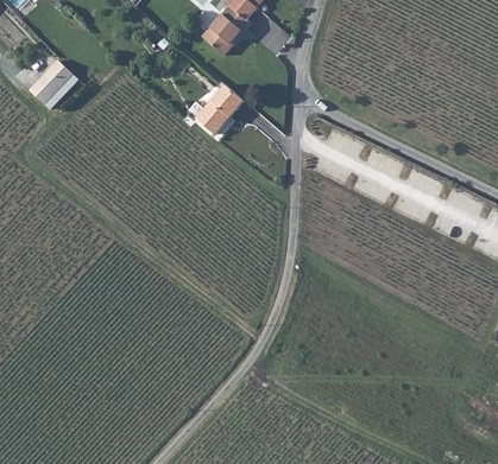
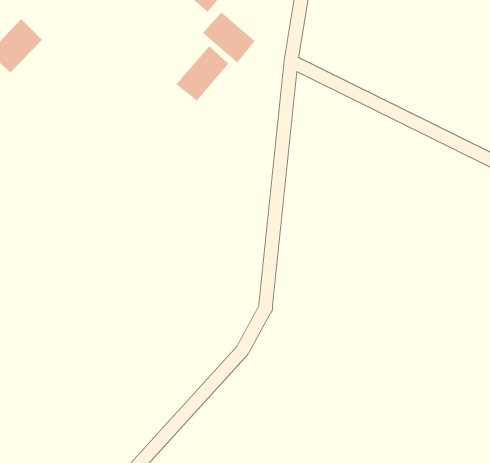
building: none -> [202,12,255,63]

